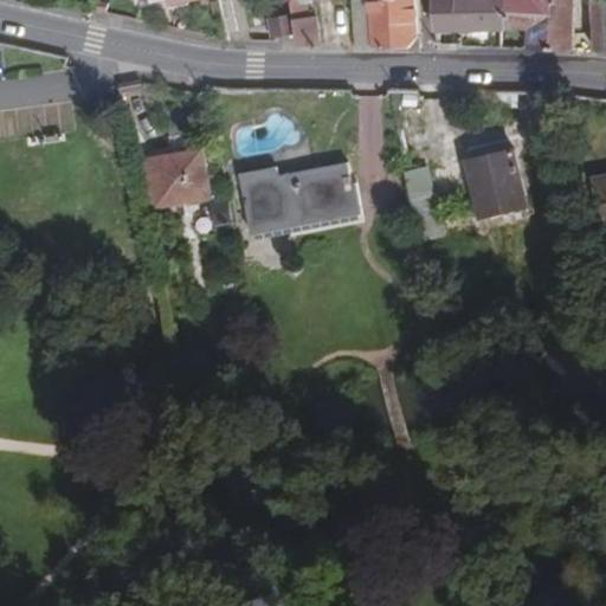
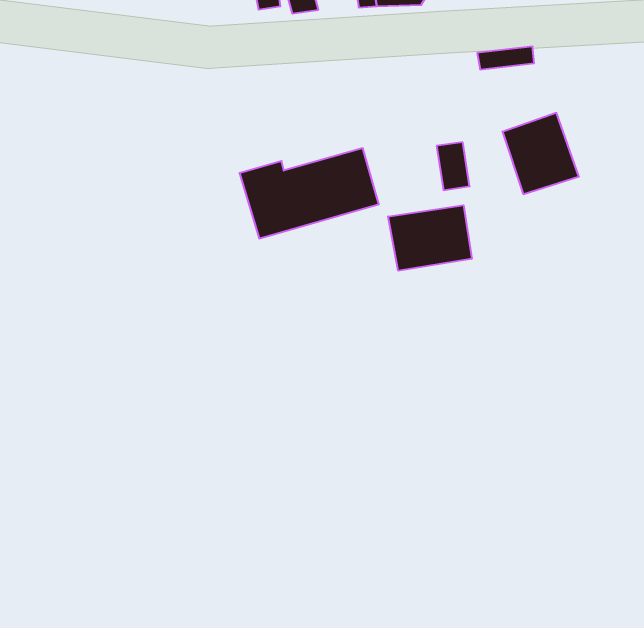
building: [144,149,209,205] -> none
building: none -> [388,205,472,271]

